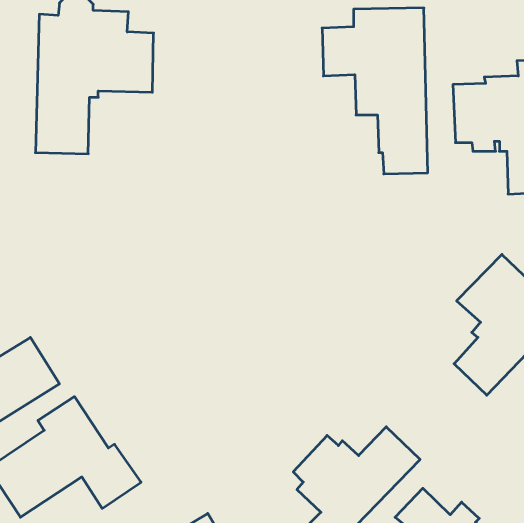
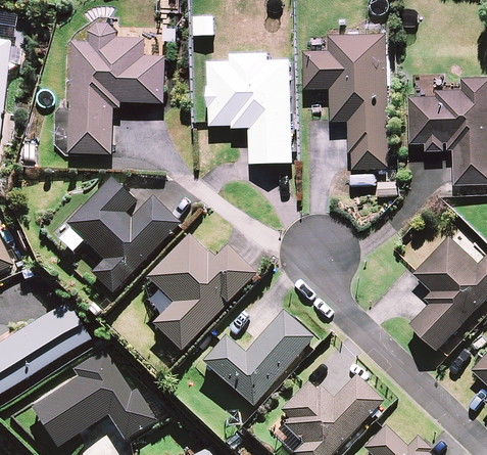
building: none -> [206,51,291,163]
building: none -> [64,177,178,292]
building: none -> [146,234,254,352]
building: none -> [201,310,311,406]

